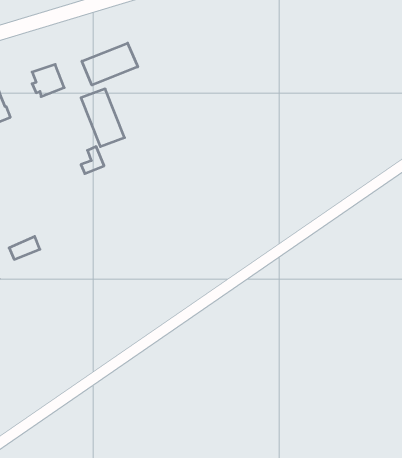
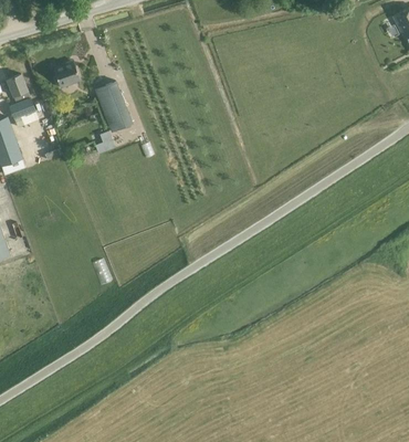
building: [82,43,138,85] -> none

